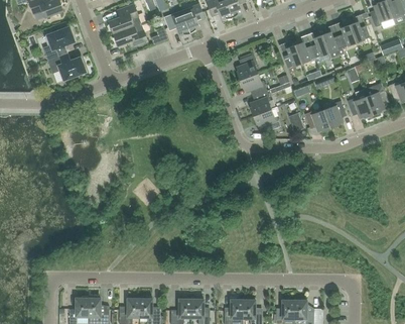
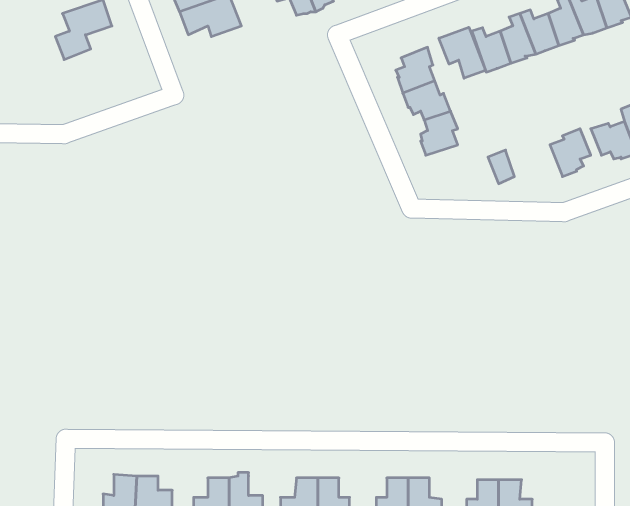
building: none -> [439,27,486,78]
building: [47,55,86,80] -> none
building: [253,107,280,131] -> none
building: [304,109,330,131] -> none

